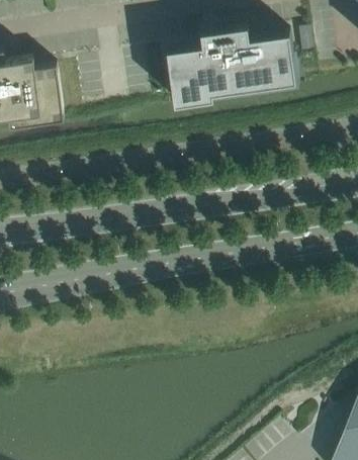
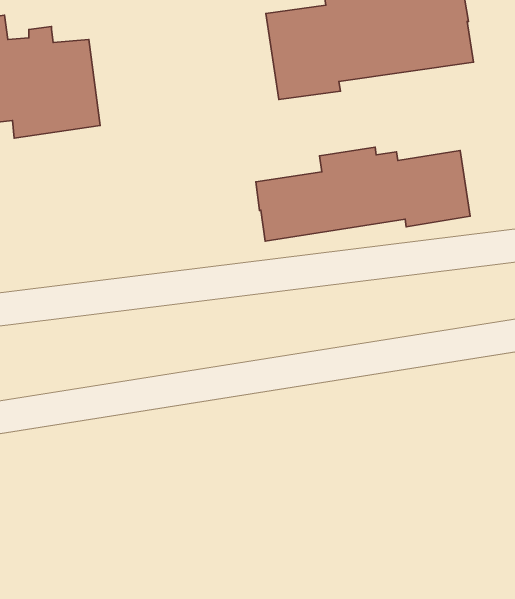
building: none -> [256,147,470,241]

